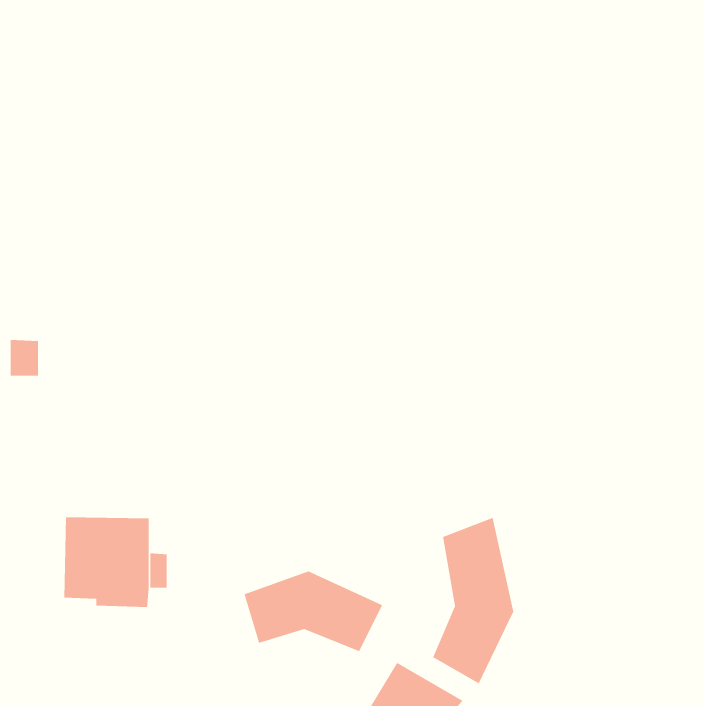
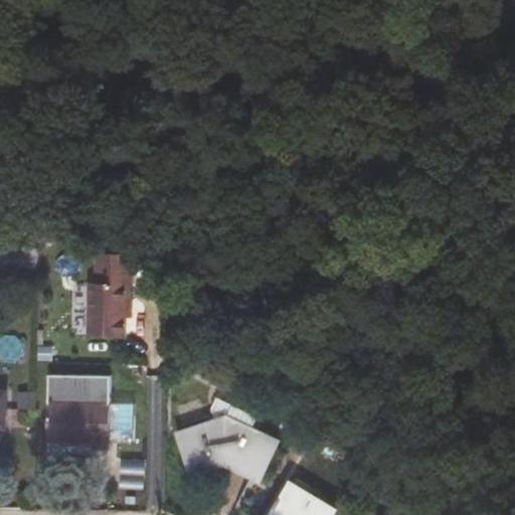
building: none -> [87,252,132,335]
building: [432,517,514,685] -> none

